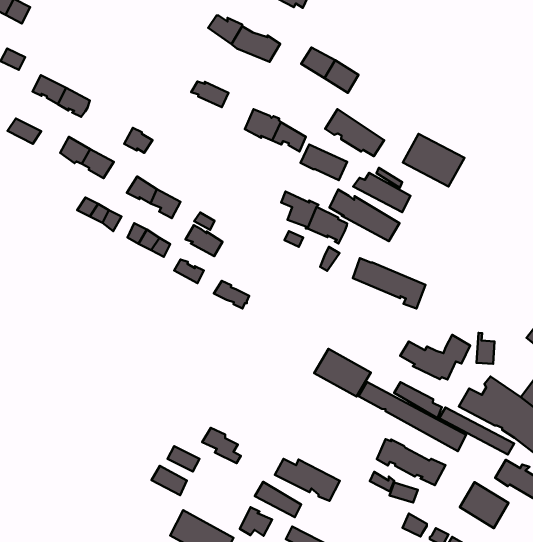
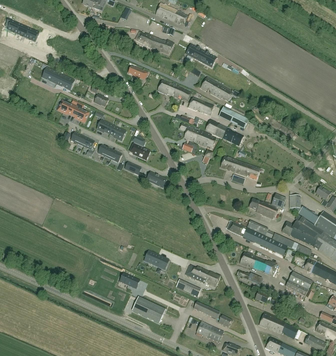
building: [403,134,464,186] -> none
building: [314,349,371,397] -> none

